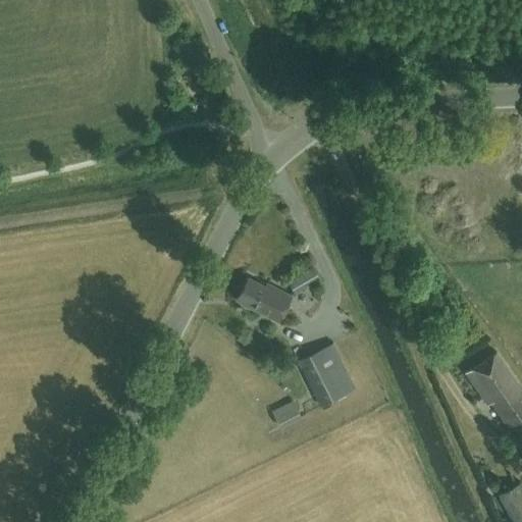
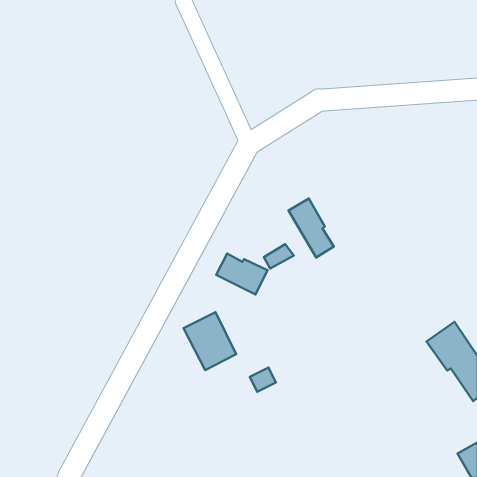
building: none -> [289,199,334,257]
building: [299,344,356,407] -> [184,312,236,370]

